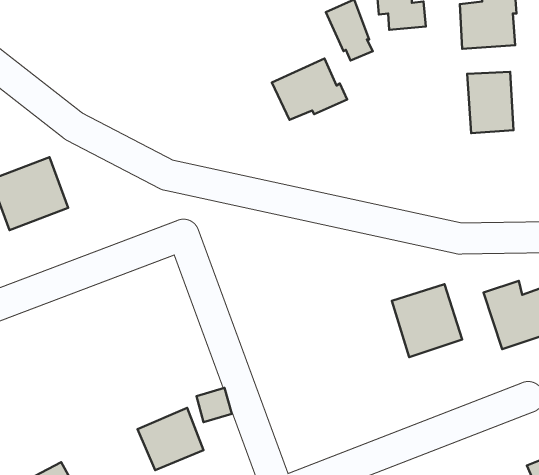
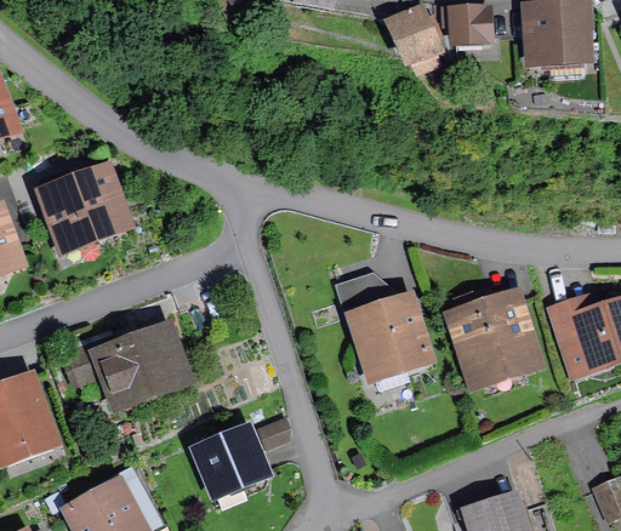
building: [272,59,347,120] -> none
building: [467,72,514,133] -> none
building: none -> [338,275,426,375]
building: none -> [70,333,180,400]

